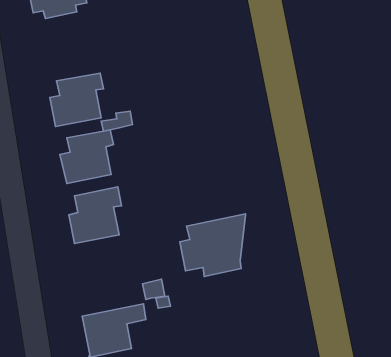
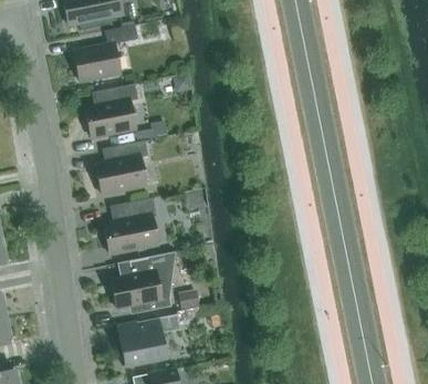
building: none -> [74,24,138,81]
building: [180,214,246,276] -> [111,251,176,313]

